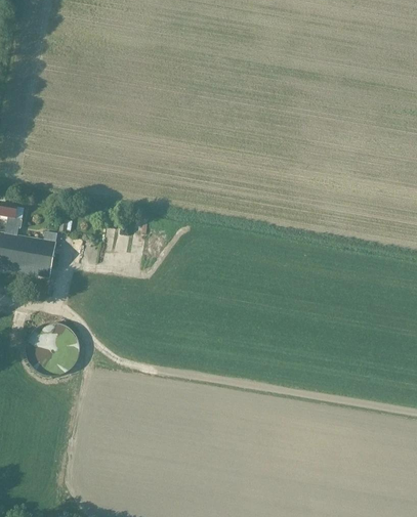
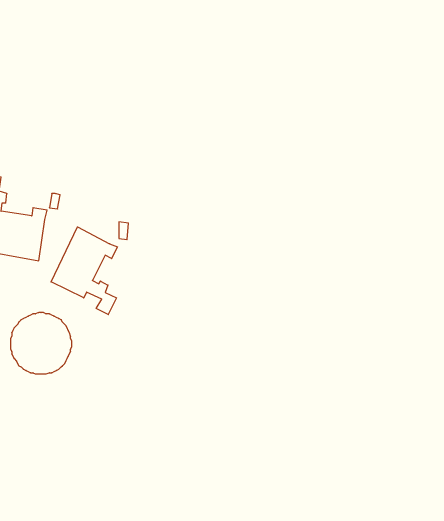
building: none -> [51,227,117,315]

